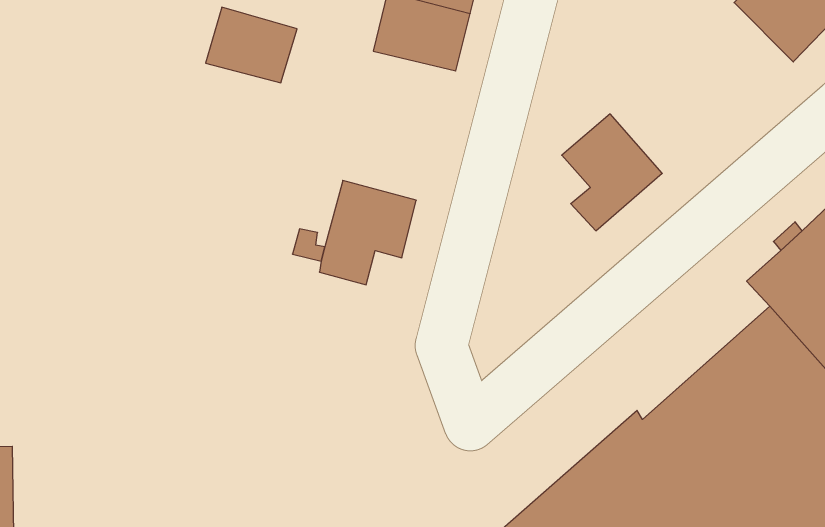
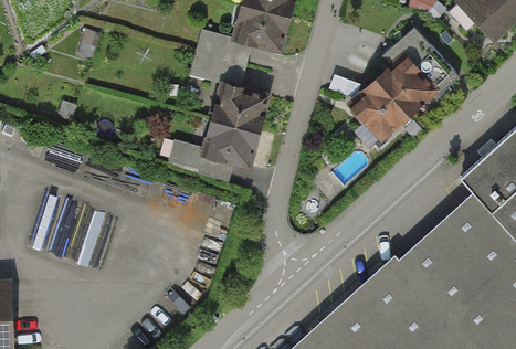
building: [206,7,297,83] -> [191,34,248,81]
building: none -> [377,38,459,113]
building: none -> [212,83,266,129]

